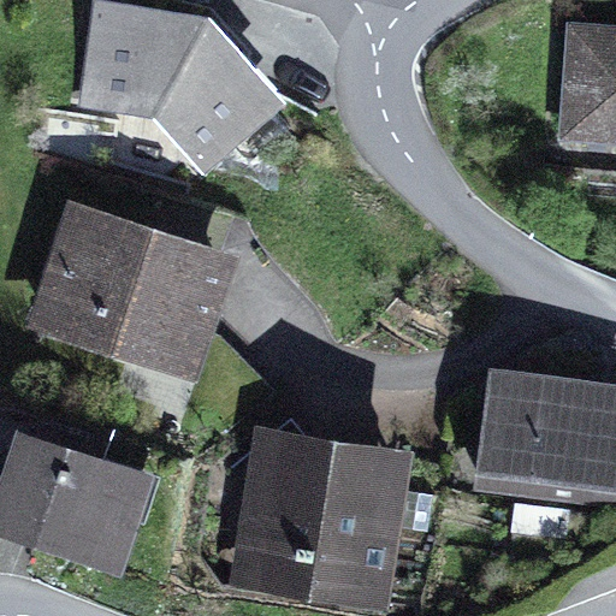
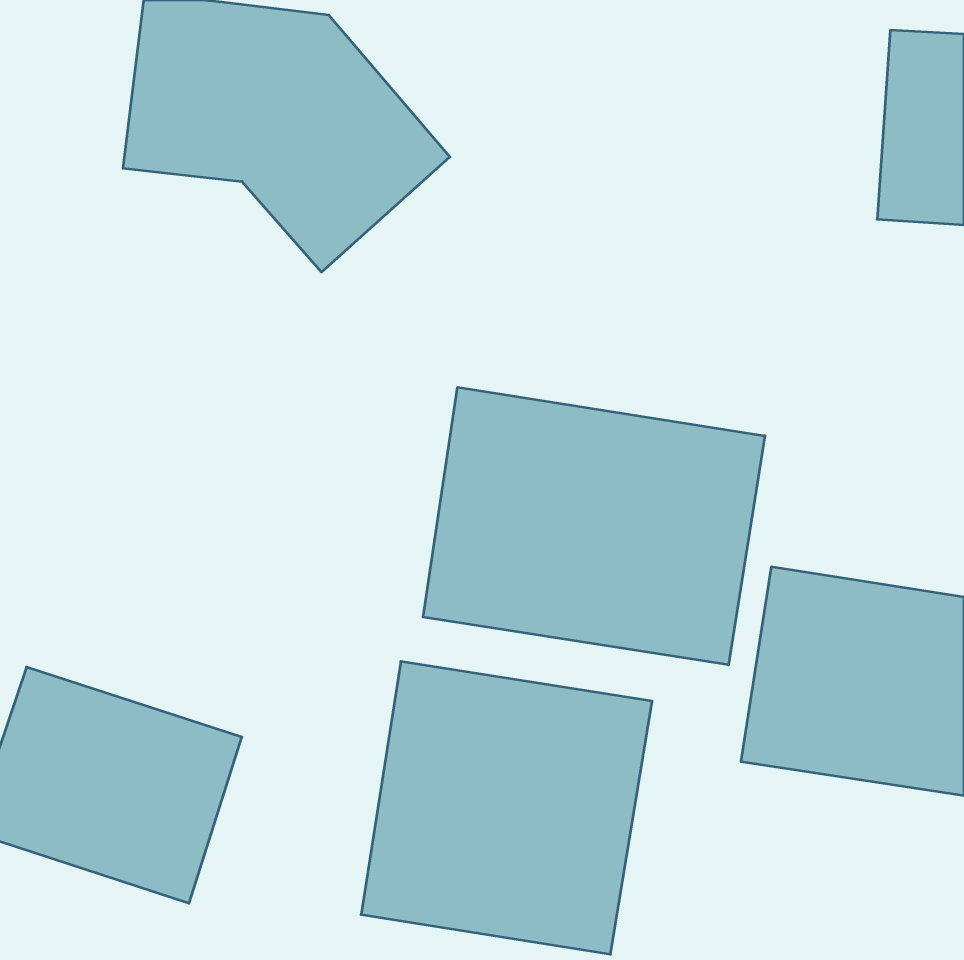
building: [25,200,241,385] -> none
building: none -> [423,387,765,665]

